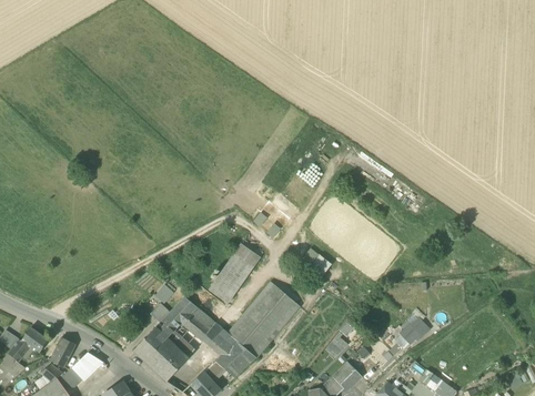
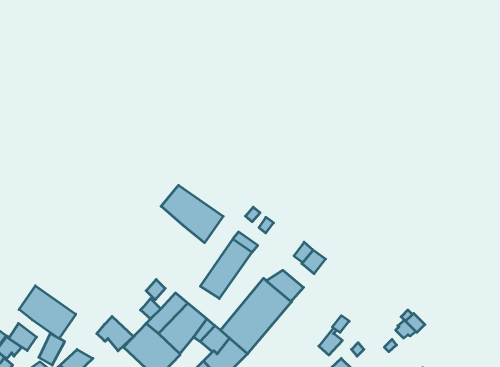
building: none -> [161,185,223,243]
building: none -> [266,270,304,301]
building: none -> [19,286,76,338]
building: none -> [97,316,133,351]

